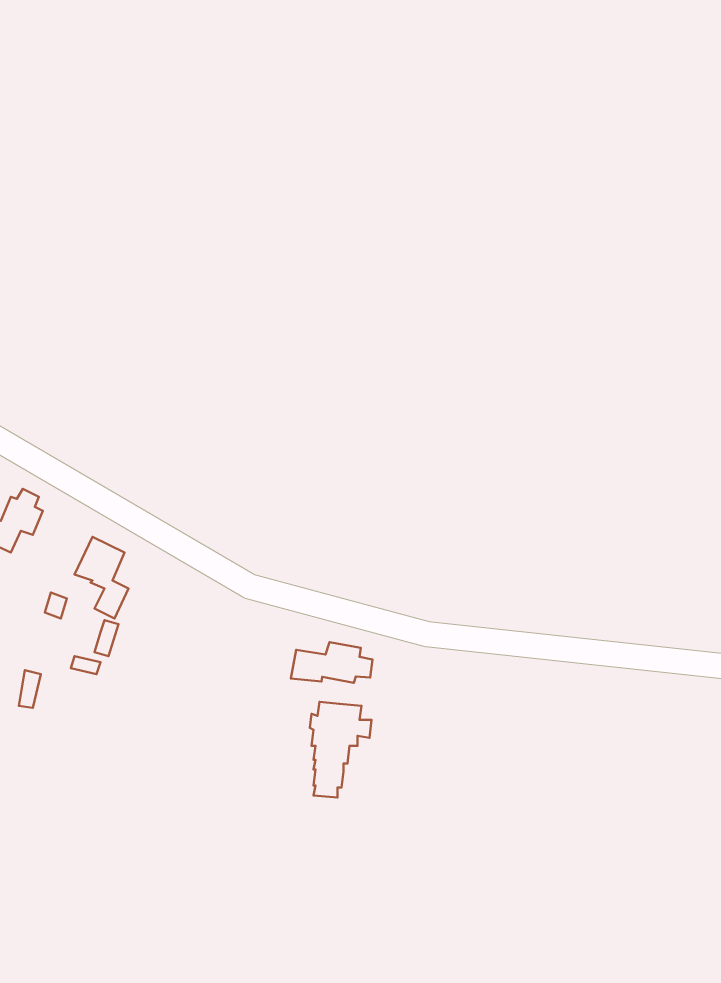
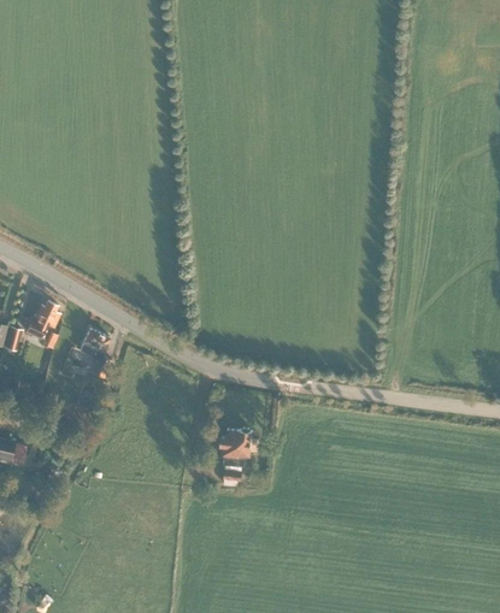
building: [291,642,373,683] -> none

